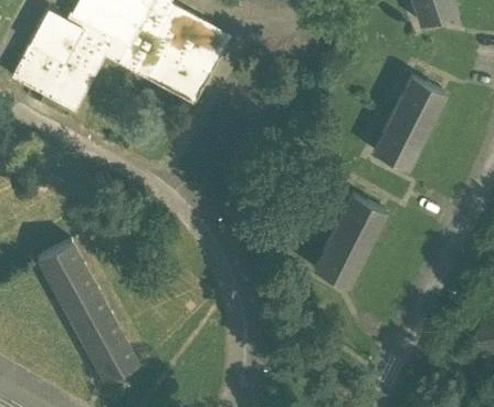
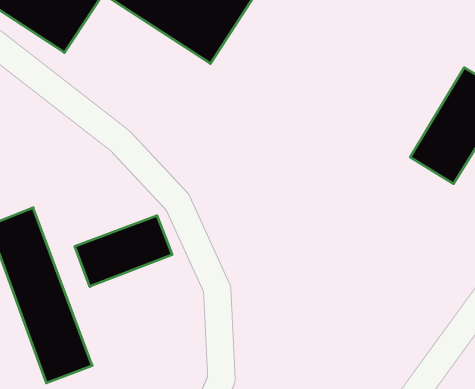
building: [315,192,389,283] -> none
building: none -> [75,216,172,287]

